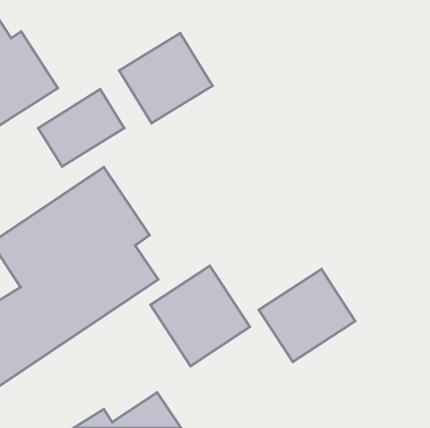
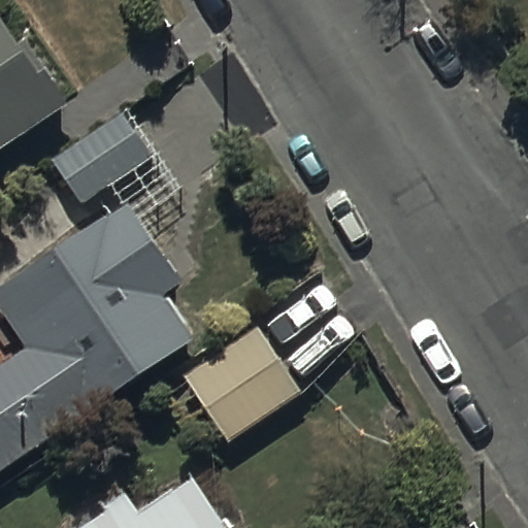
building: [119,33,213,123] -> none
building: [259,269,355,362] -> none

